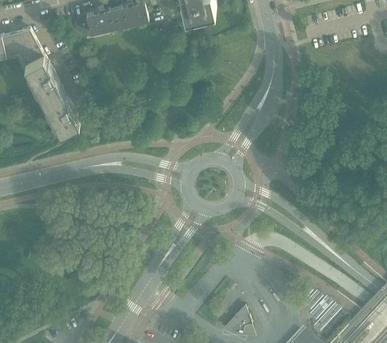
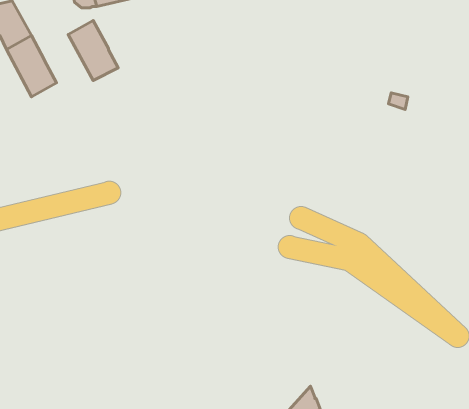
building: [41,90,77,133] -> [68,21,118,80]

